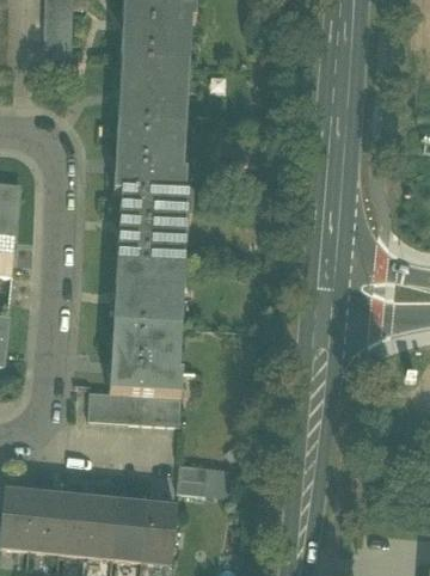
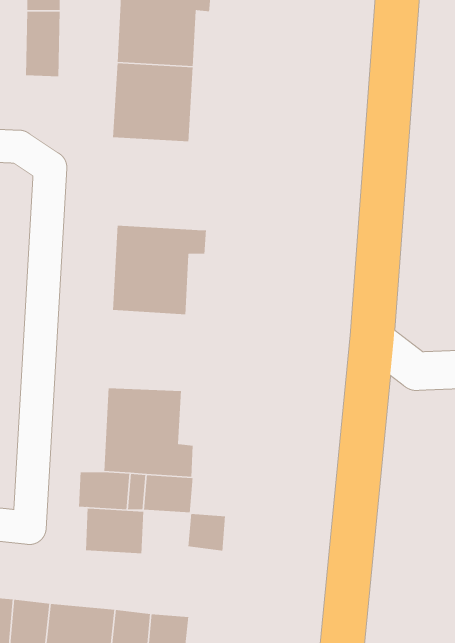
building: [113,121,188,195] -> none
building: [113,261,177,325] -> none
building: none -> [85,508,144,554]
building: [179,464,210,495] -> [188,513,226,551]

